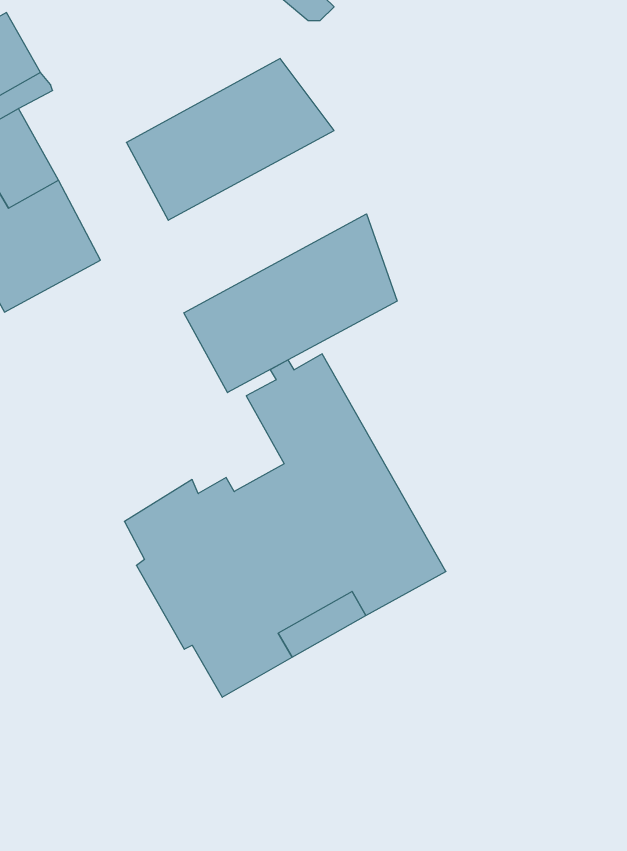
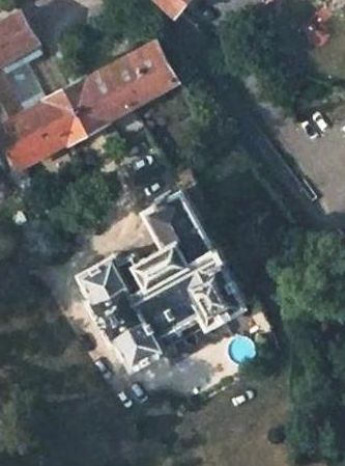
building: none -> [45,80,102,141]
building: [184,214,397,393] -> none

